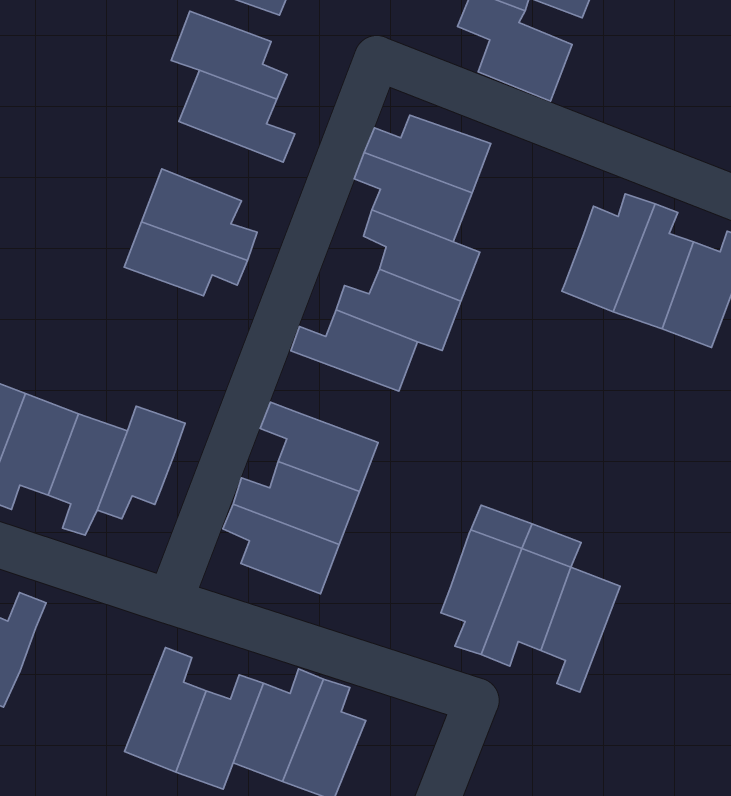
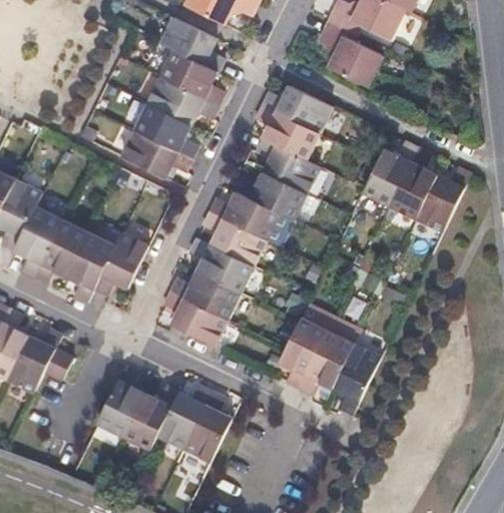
building: none -> [149,78,216,125]
building: none -> [203,210,268,266]

